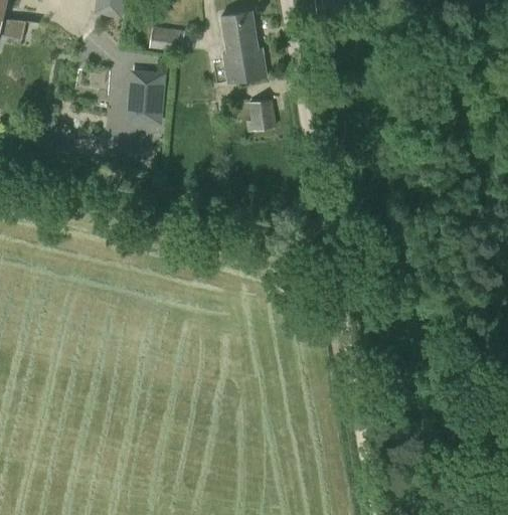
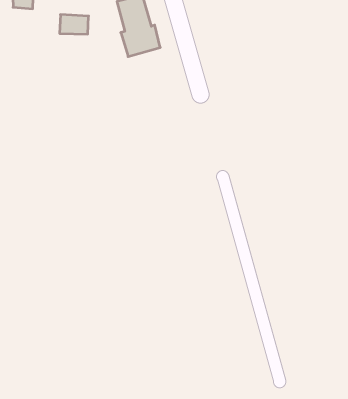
building: [130,70,163,122] -> none
building: [250,98,275,128] -> none

